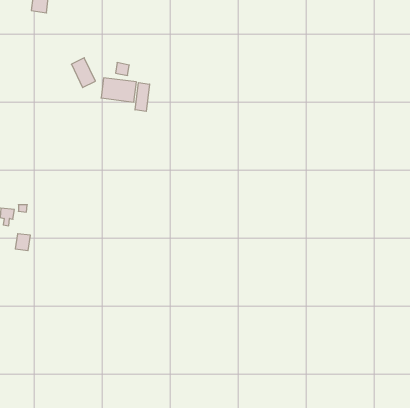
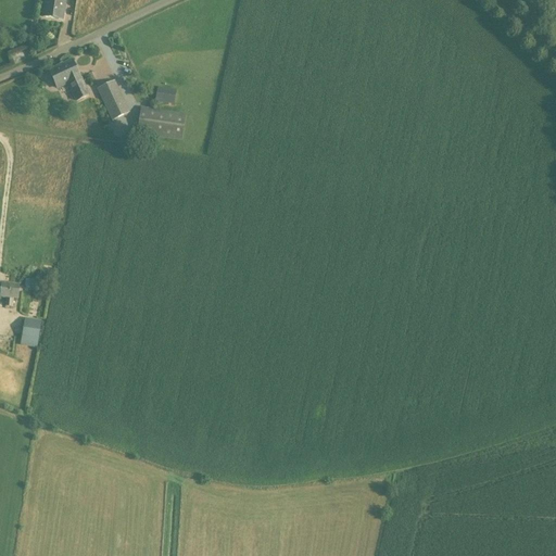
building: none -> [49,58,89,100]
building: [135,83,150,111] -> none

